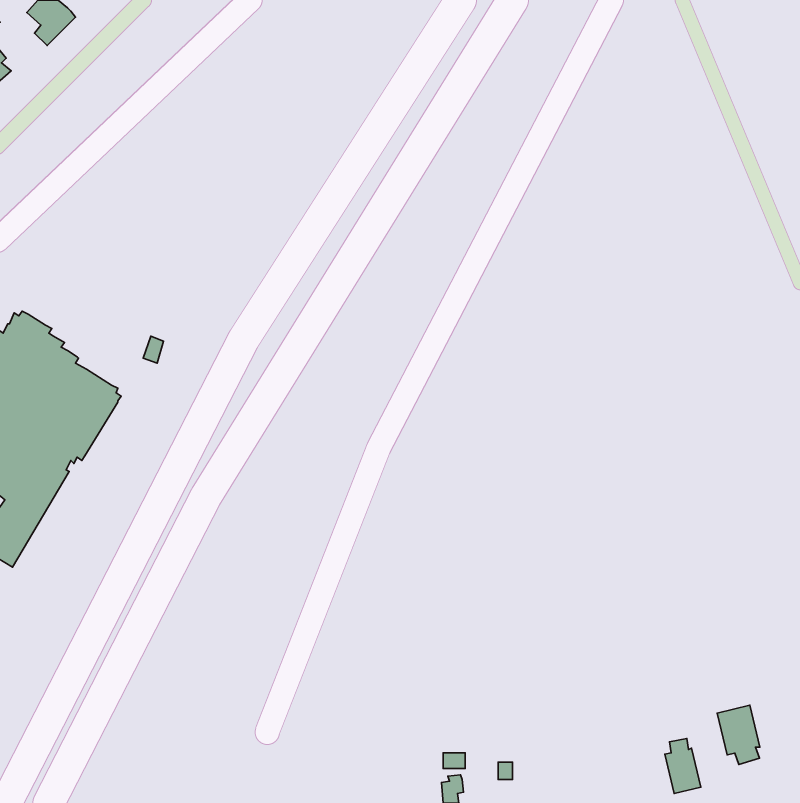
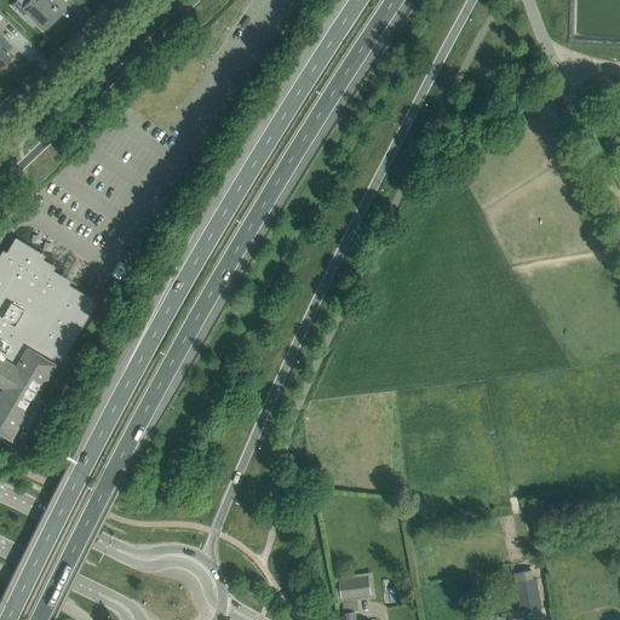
building: [717,705,760,764] -> none

